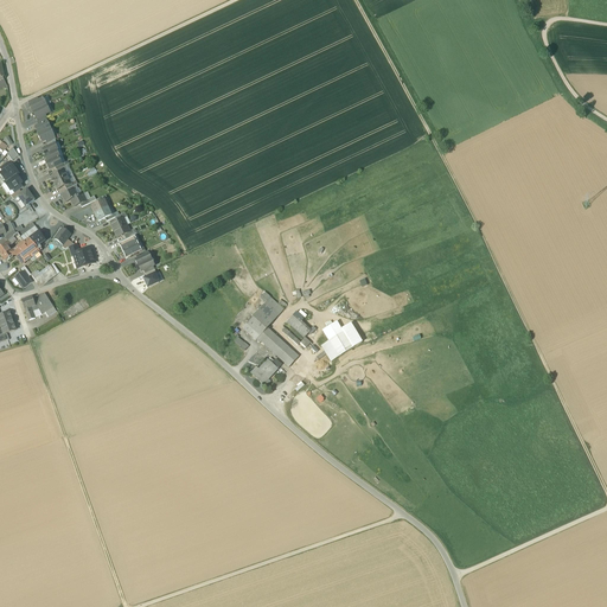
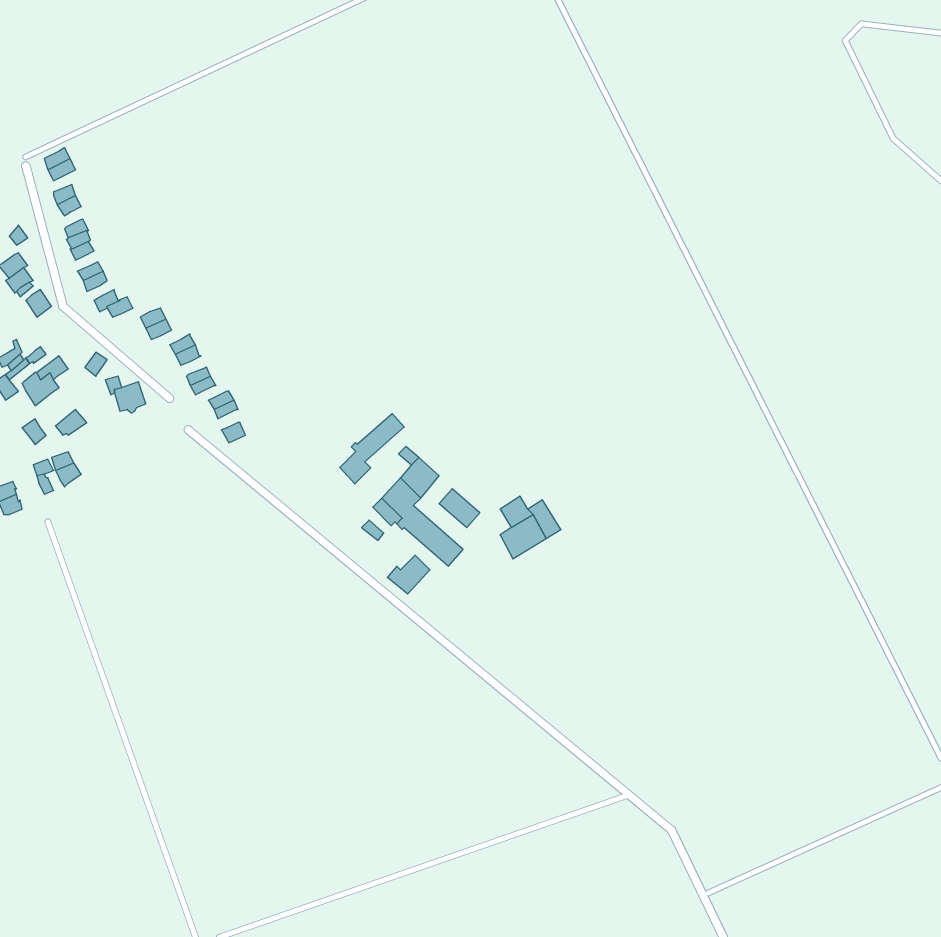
building: none -> [340,414,404,484]

